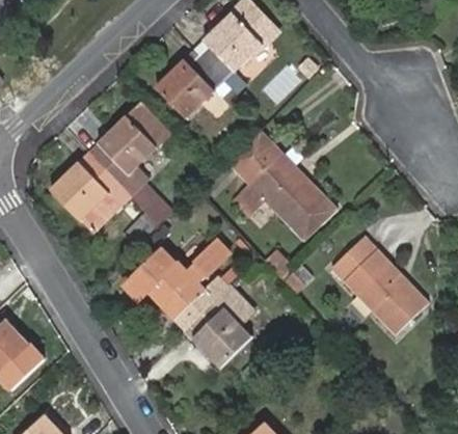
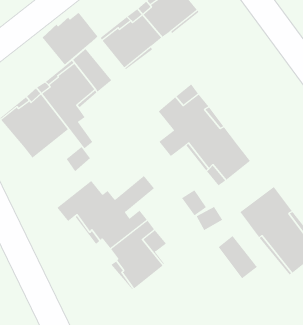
building: none -> [42,12,98,66]
building: none -> [218,235,258,279]

